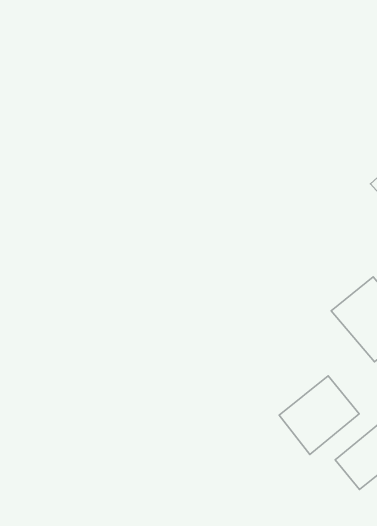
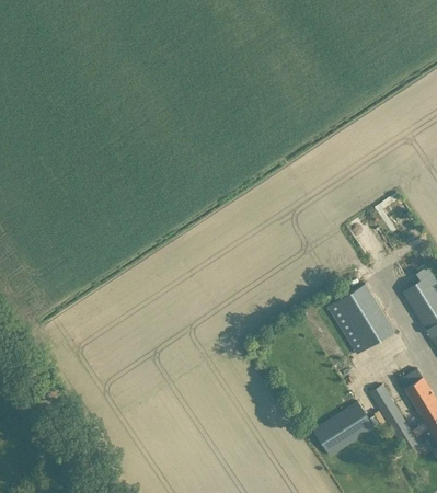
building: [279,376,359,454] -> none

